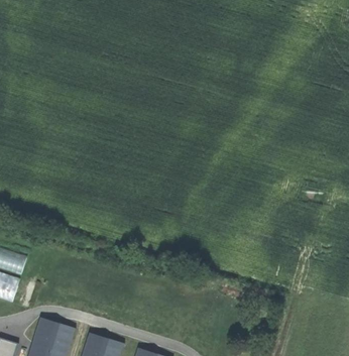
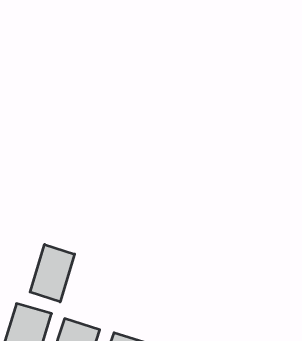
building: none -> [30,244,75,302]

